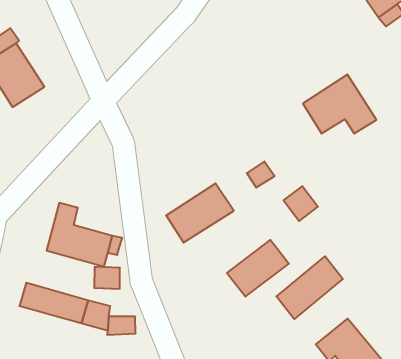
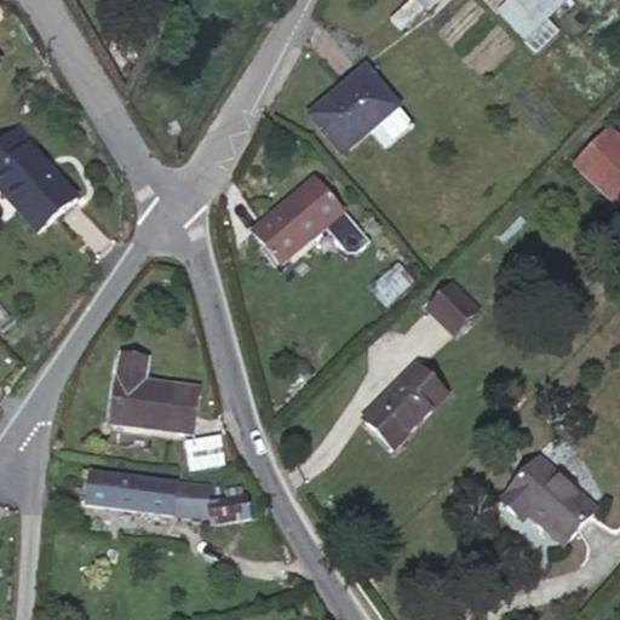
building: [303,74,376,134] -> [310,65,414,151]
building: [166,183,234,243] -> [252,176,344,263]
building: [276,256,343,319] -> none

